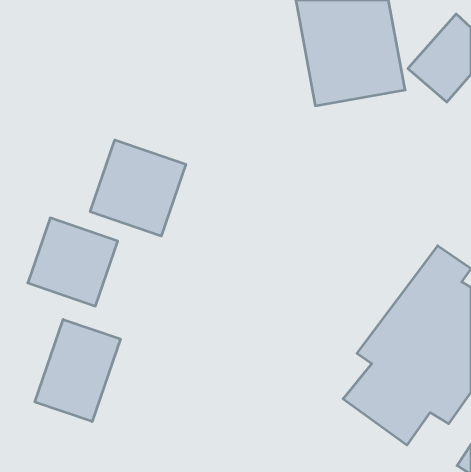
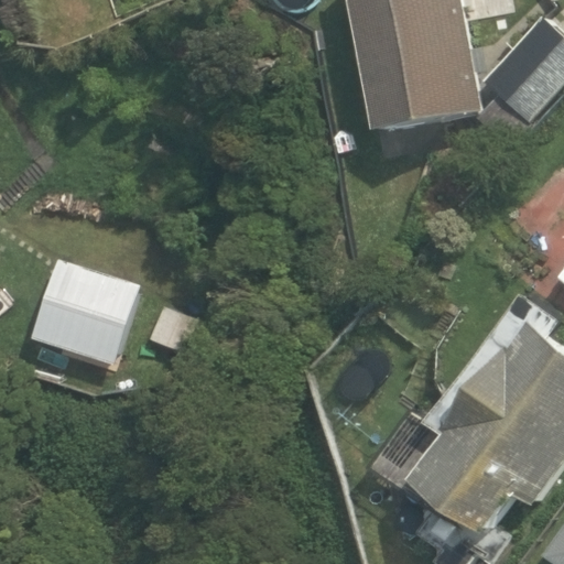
building: [90,140,186,236] -> none
building: [35,319,120,422] -> none

